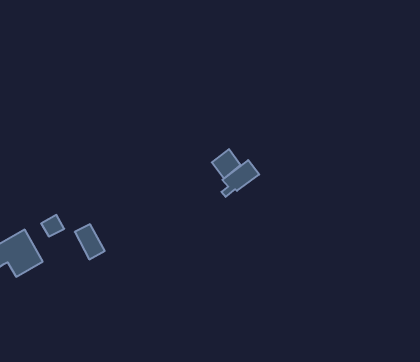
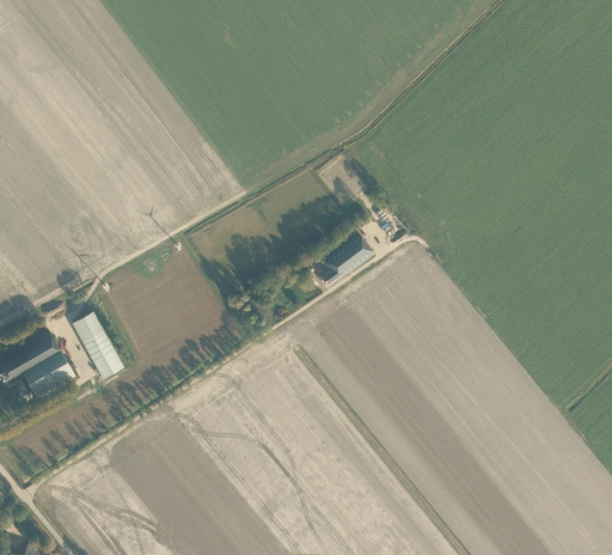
building: [212,149,240,179] -> none
building: [75,224,105,259] -> [81,330,123,379]

